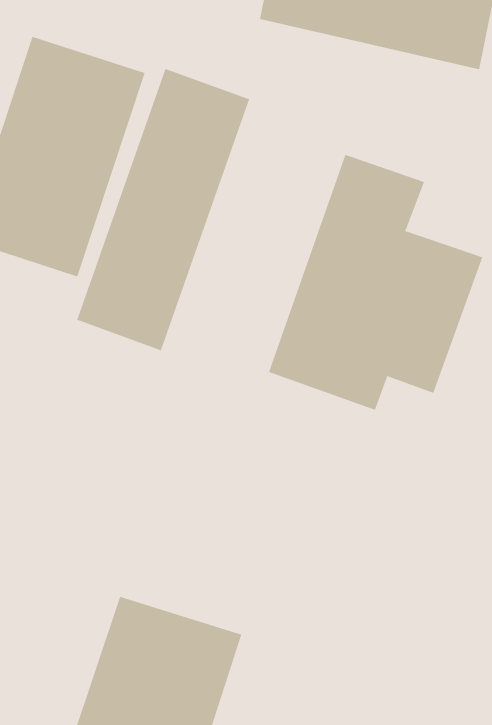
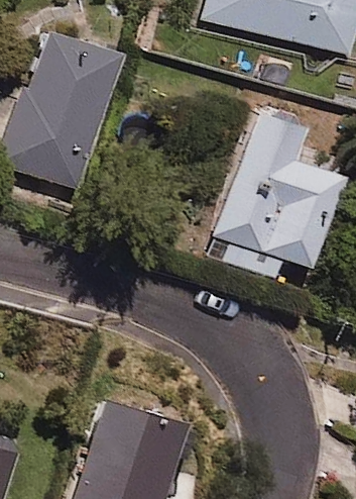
building: [76,68,250,351] -> none

